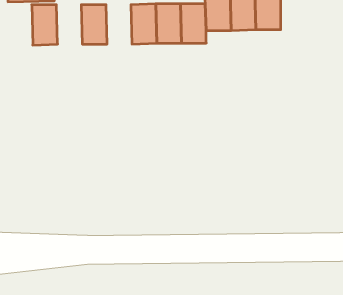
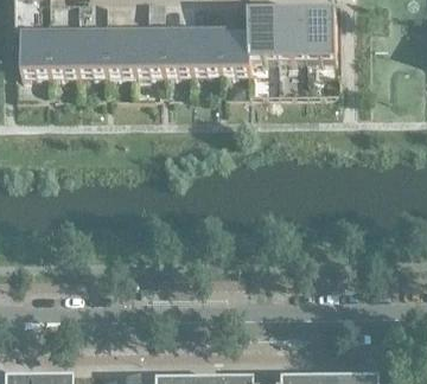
building: none -> [20,27,50,73]
building: none -> [77,27,107,72]
building: none -> [134,27,164,72]

